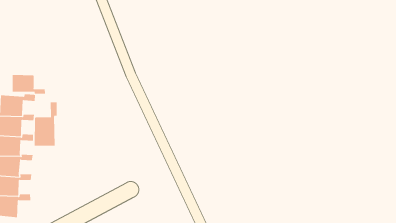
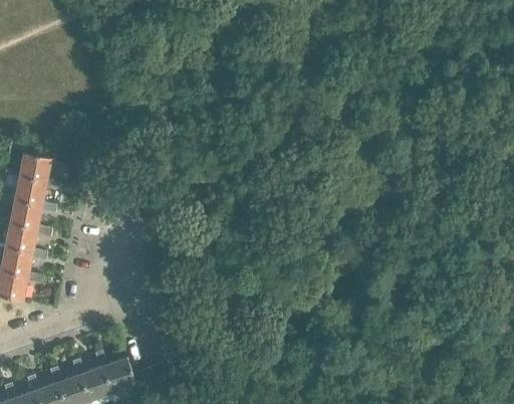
building: [12,74,45,94] -> none
building: [34,101,57,146] -> none

